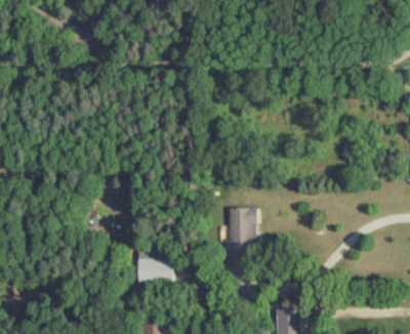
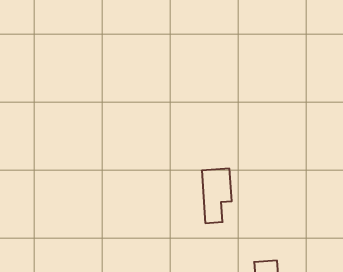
building: [137,259,172,282] -> none

